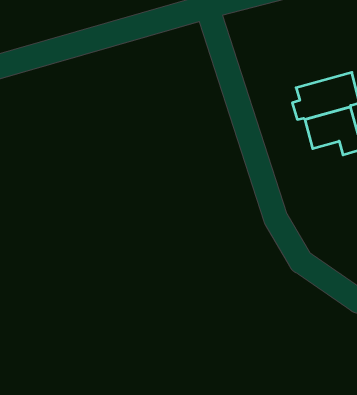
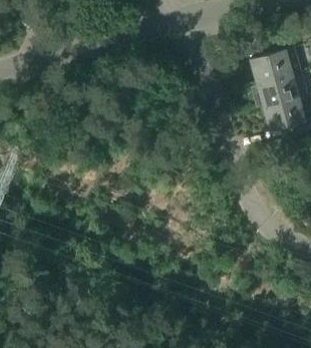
building: none -> [250,47,300,82]

